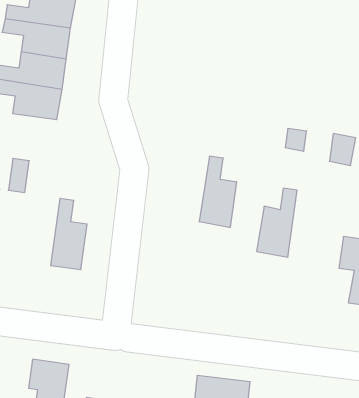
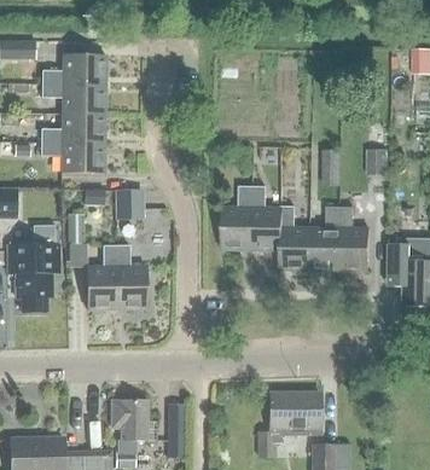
building: none -> [115,188,144,220]
building: none -> [222,186,252,249]
building: none -> [280,205,310,269]
building: none -> [339,207,370,271]
building: none -> [87,245,117,309]

